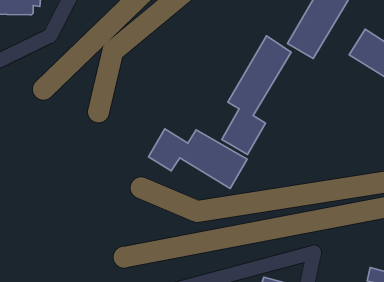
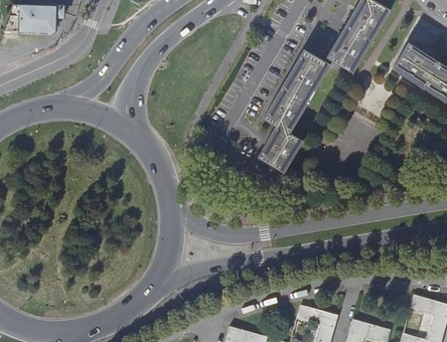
building: [148,129,247,188] -> none

